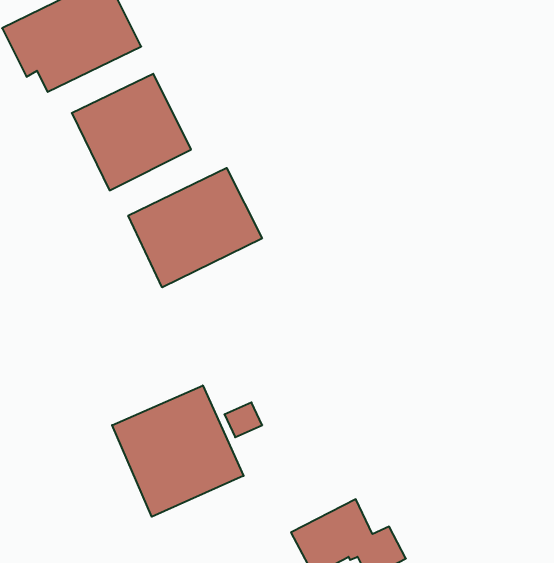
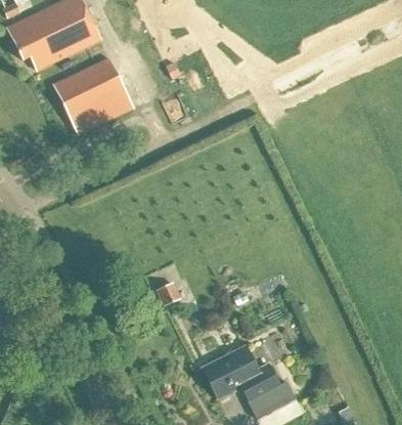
building: [128,168,262,287] -> none
building: [112,385,244,517] -> none

